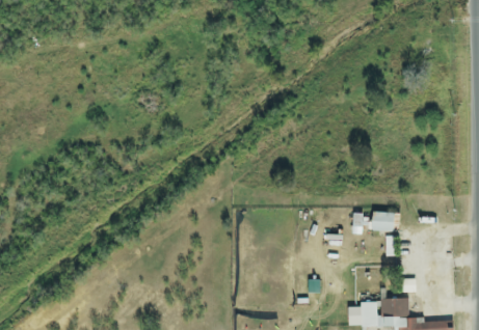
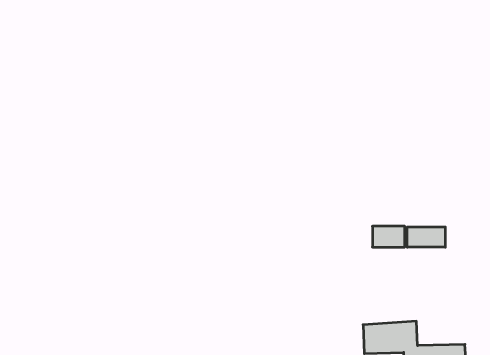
building: none -> [407,227,445,247]

